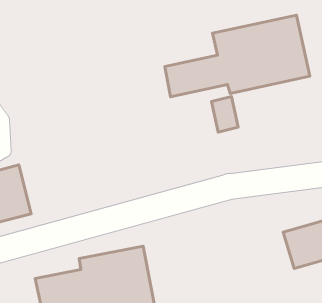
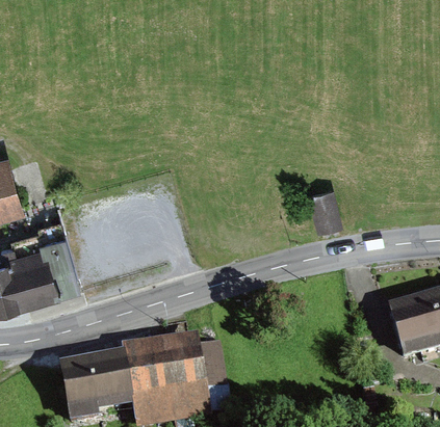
building: [165,15,310,97] -> none
building: [212,97,238,132] -> [306,183,339,228]

